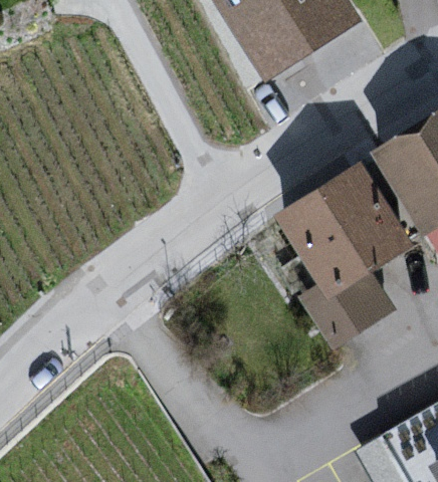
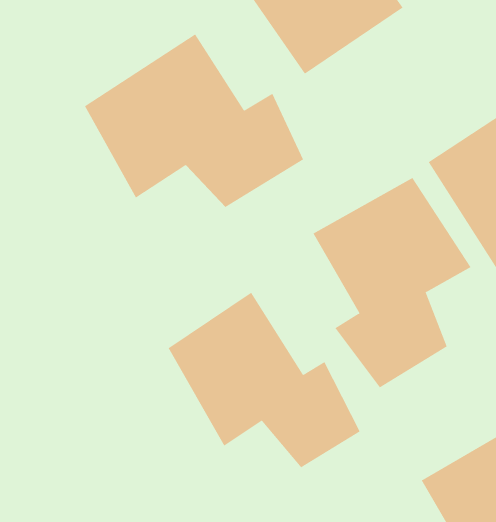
building: none -> [84,33,304,208]
building: none -> [168,292,360,468]

